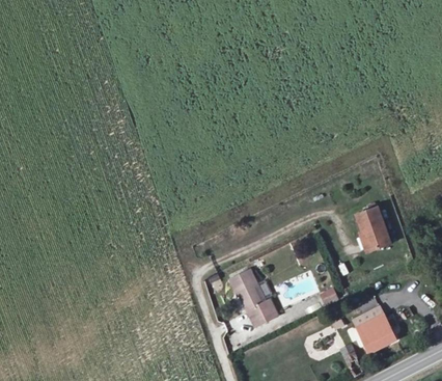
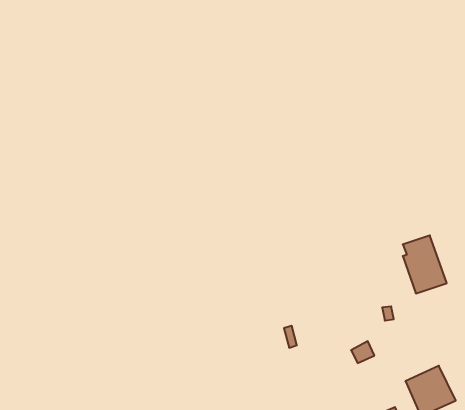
building: [229,268,277,326] -> none

